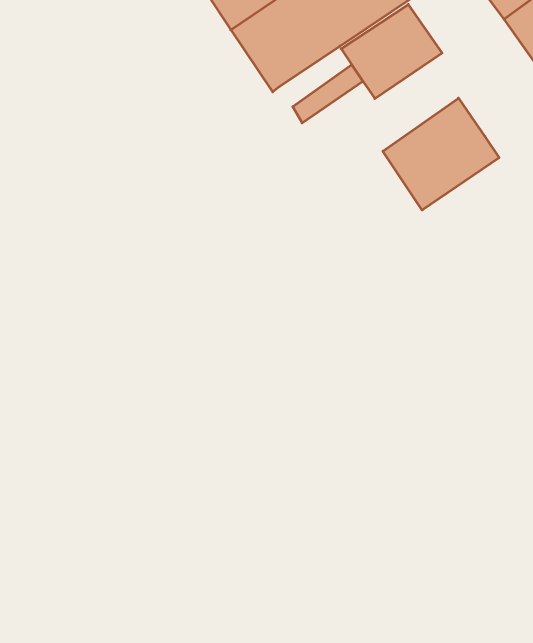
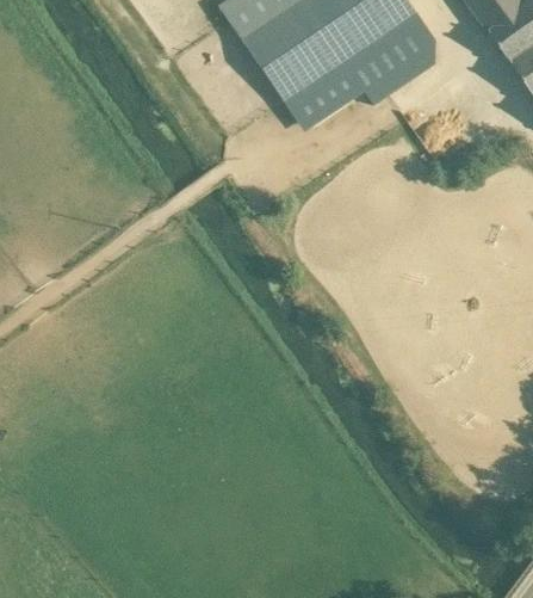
building: none -> [290,56,354,110]
building: [383,98,499,210] -> none

